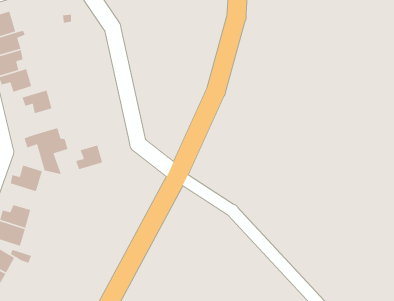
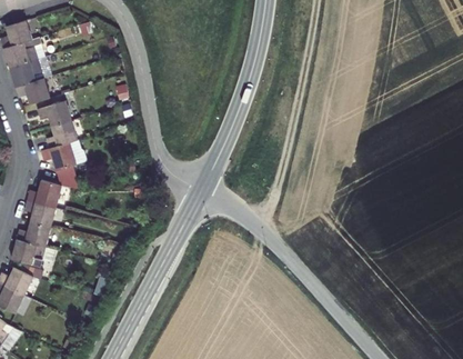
building: [75,145,103,170] -> [48,122,77,149]
building: none -> [24,200,54,227]

